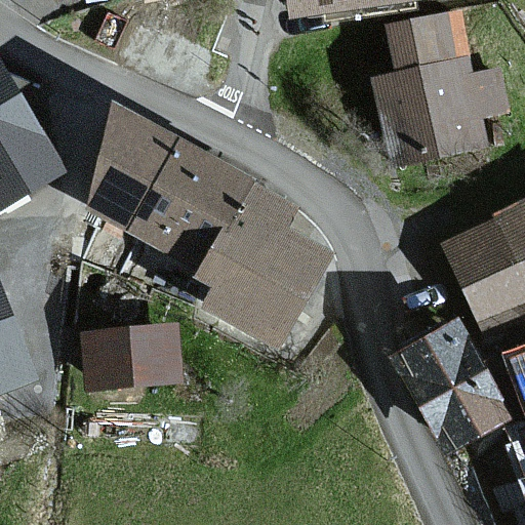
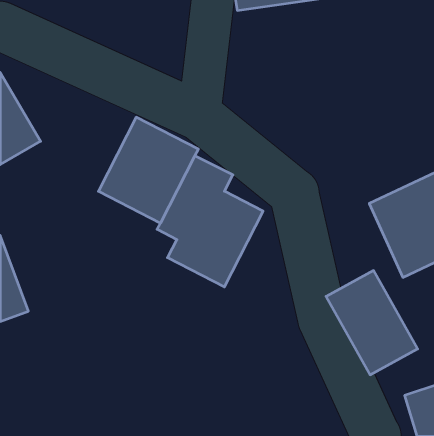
building: [380,9,511,160] -> none
building: [87,106,170,228] -> none
building: [88,323,183,383] -> none

